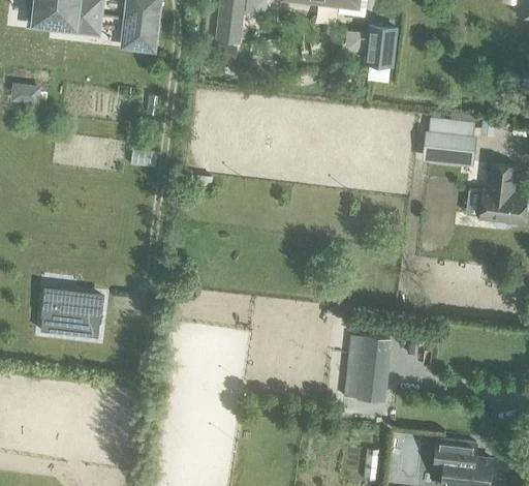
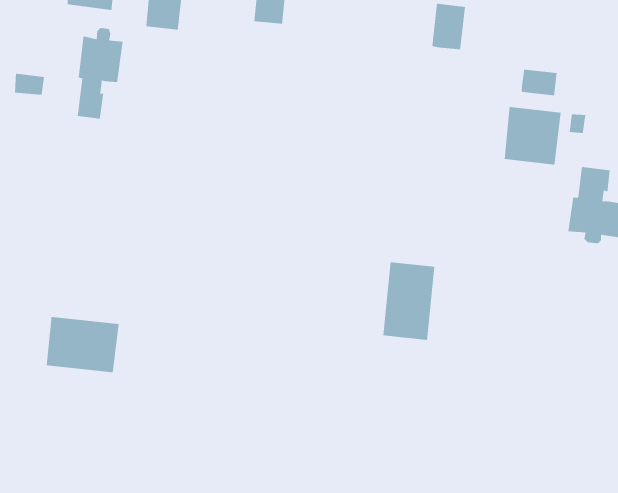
building: none -> [77,27,123,119]
building: none -> [521,69,557,96]
building: [344,335,388,401] -> [382,262,435,340]

